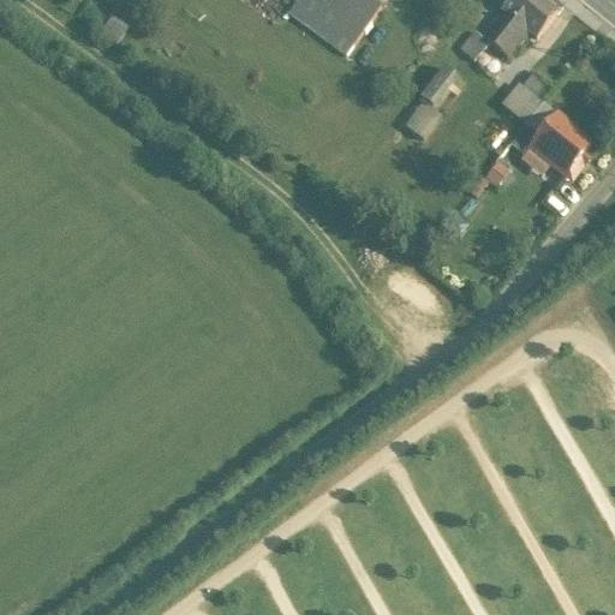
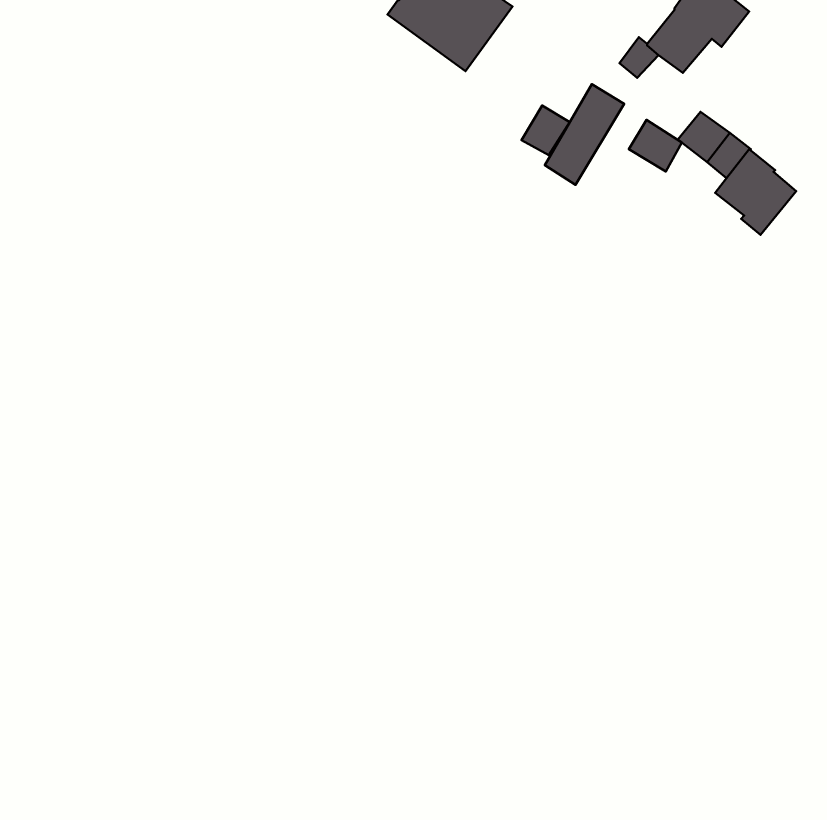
building: none -> [521,105,570,155]
building: none -> [629,120,682,172]

